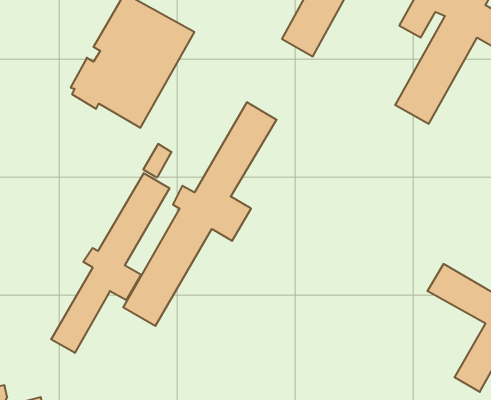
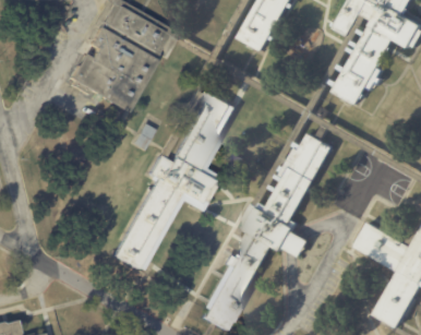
building: none -> [197,133,334,326]
building: [51,173,169,353] -> none

